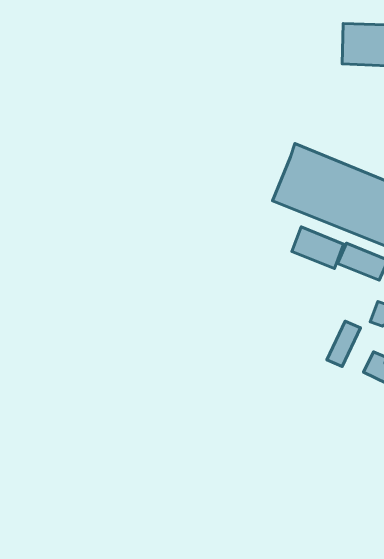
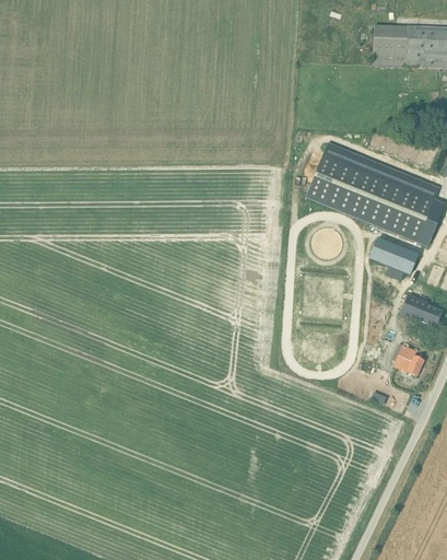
building: [292,227,344,269] -> none
building: [327,321,361,366] -> none

